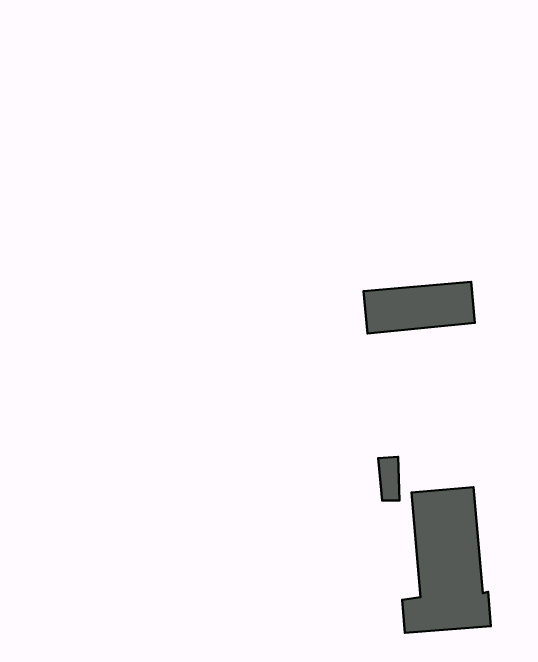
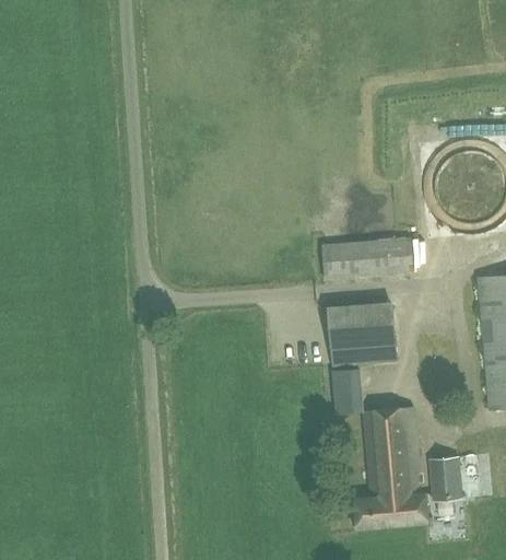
building: none -> [328,301,399,362]
building: none -> [429,456,461,500]

